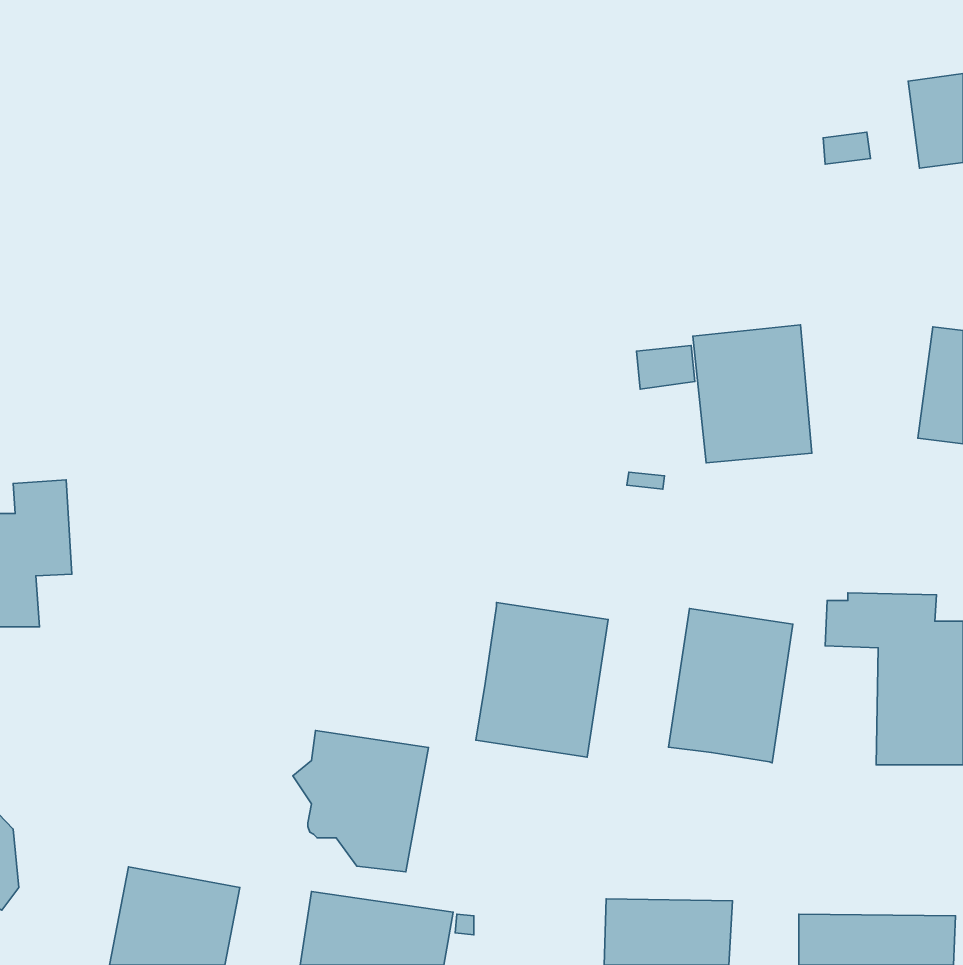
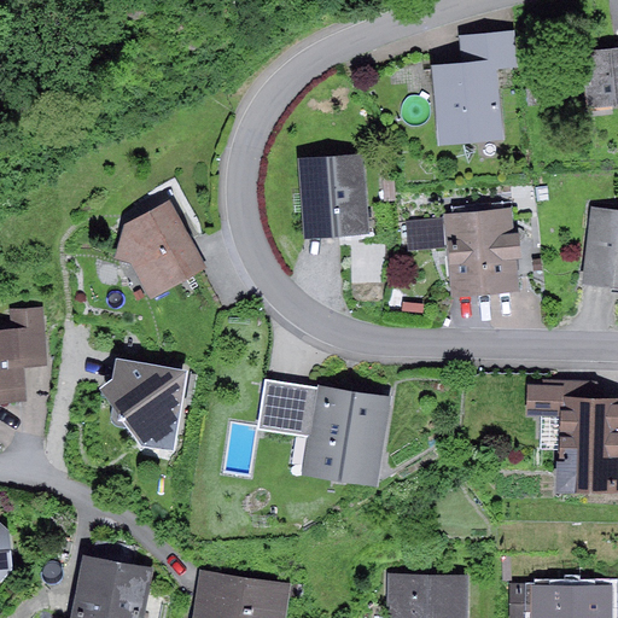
building: none -> [431,29,518,142]
building: none -> [298,153,368,238]
building: none -> [115,200,205,296]
building: none -> [257,379,317,437]
building: [669,609,793,763] -> none
building: [293,730,429,872] -> [100,358,187,449]

